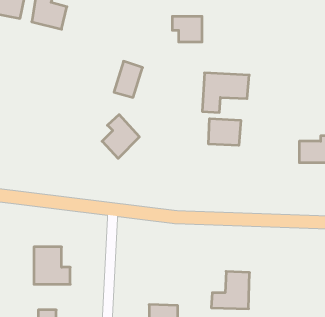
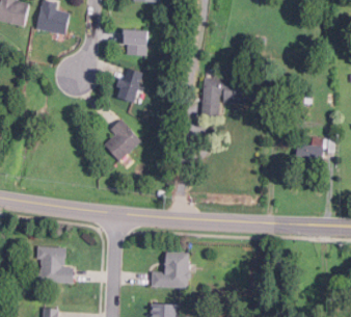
building: [172,16,202,42] -> [119,30,148,55]
building: [209,119,241,145] -> none
building: [211,271,250,309] -> [151,252,188,288]

